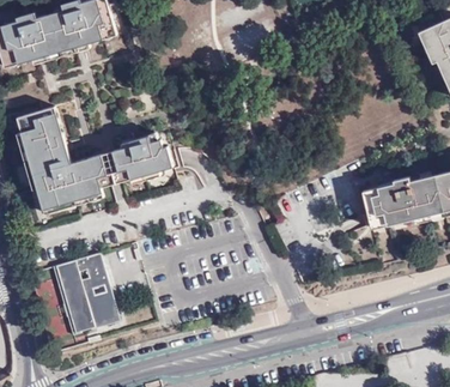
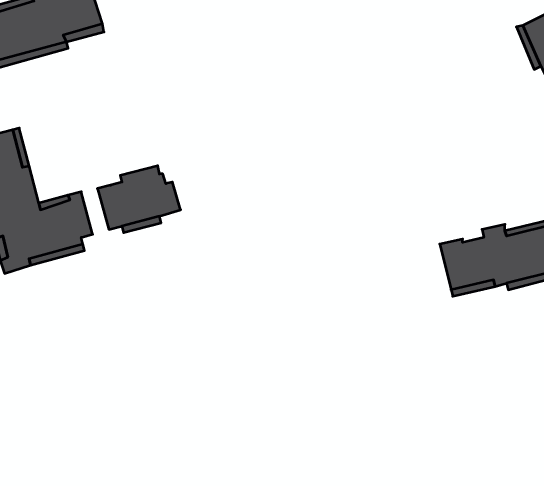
building: [51,256,121,338] -> none

